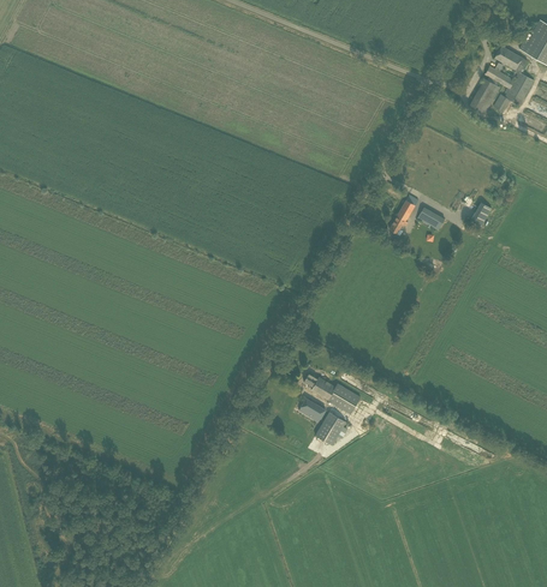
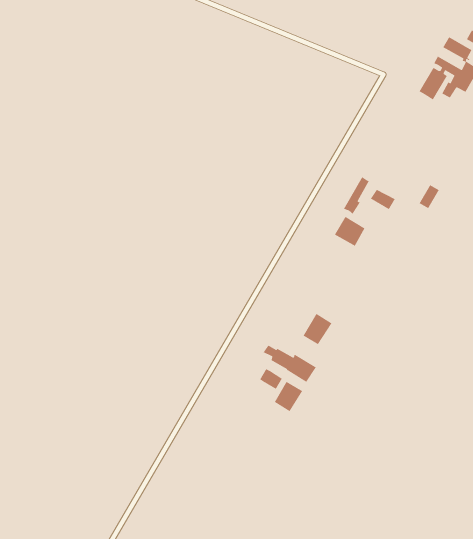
building: none -> [334,216,366,247]
building: none -> [302,313,332,345]

